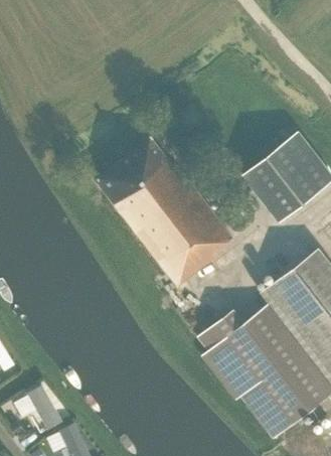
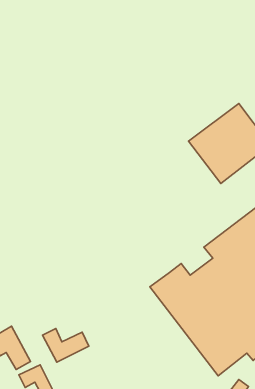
building: [95,139,231,296] -> none
building: none -> [42,329,89,362]

